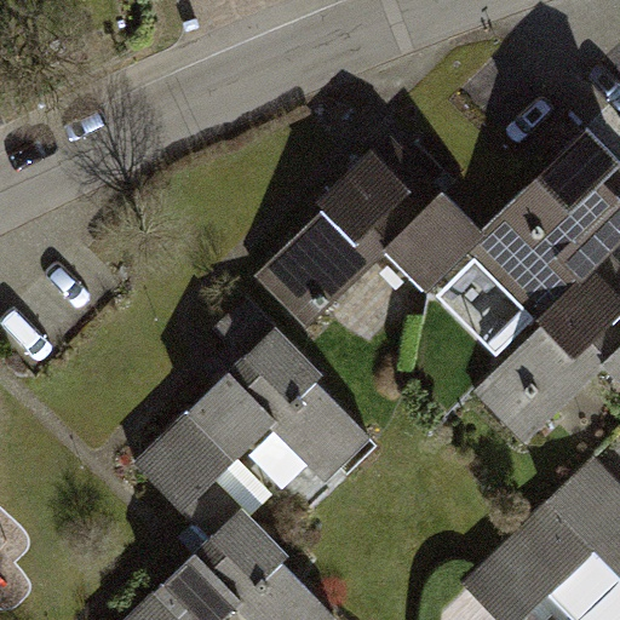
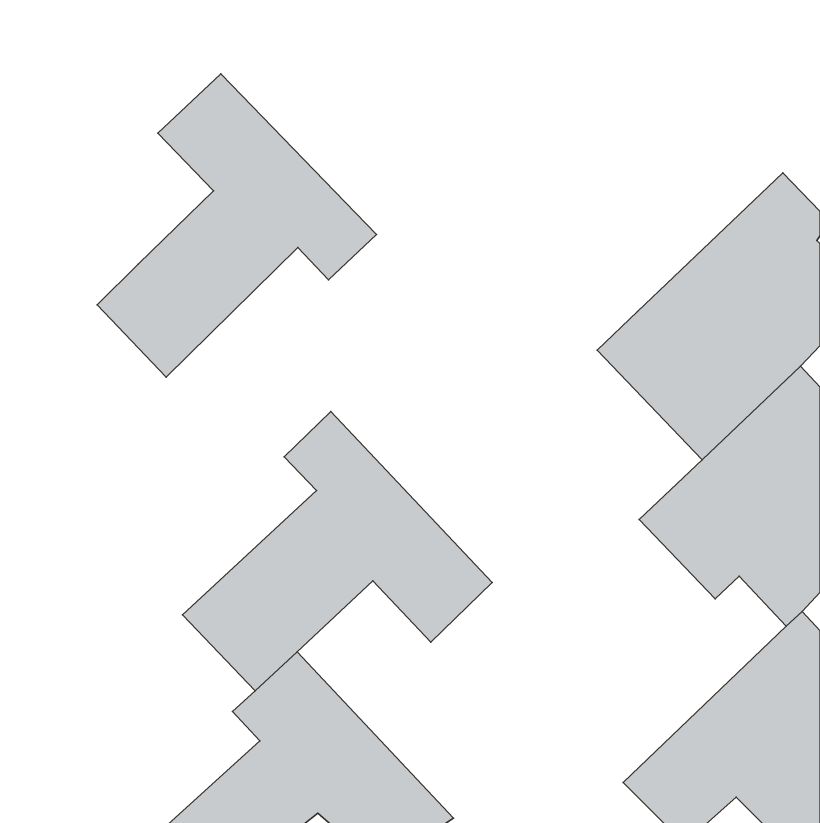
building: none -> [97,74,376,377]
building: [245,155,478,340] -> none

